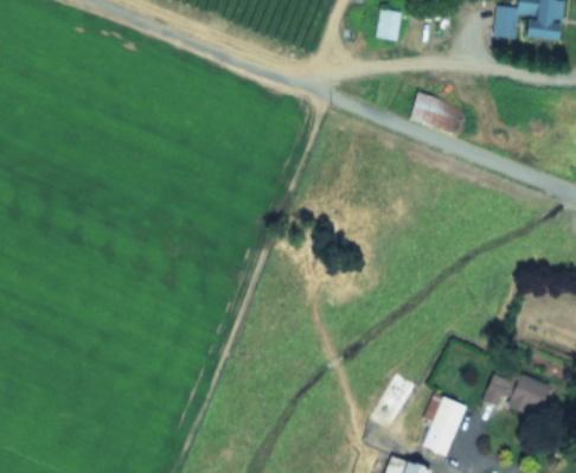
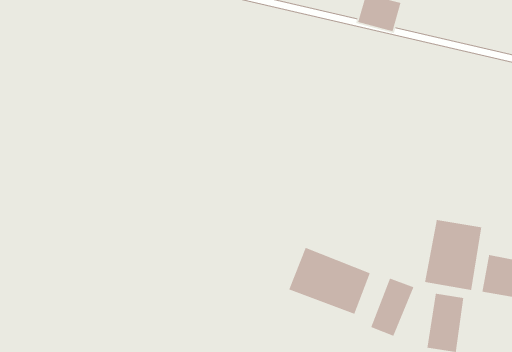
building: none -> [424,219,482,291]
building: none -> [288,247,371,315]

